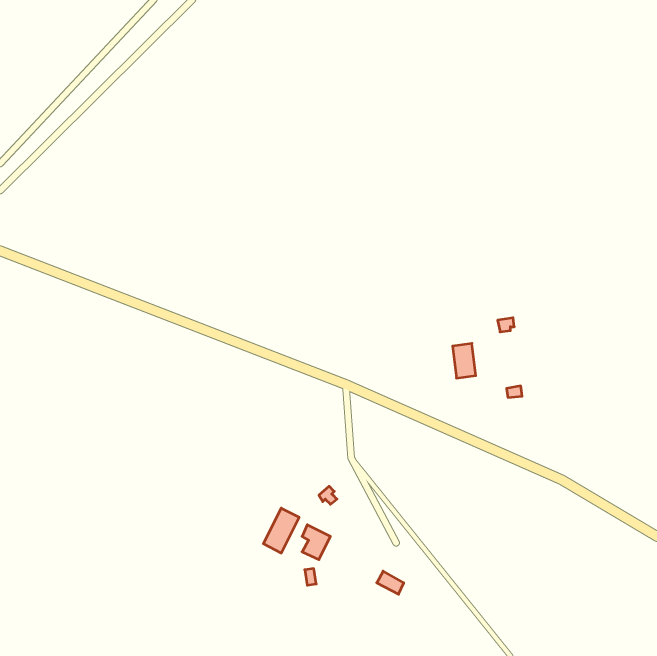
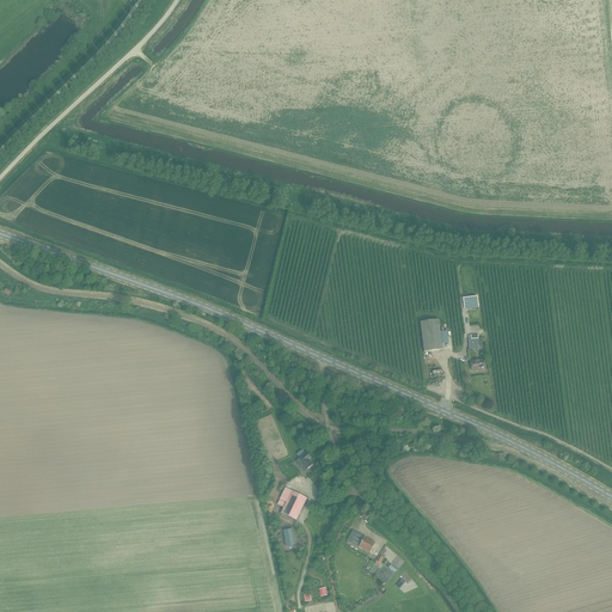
building: [263,508,299,553] -> none

